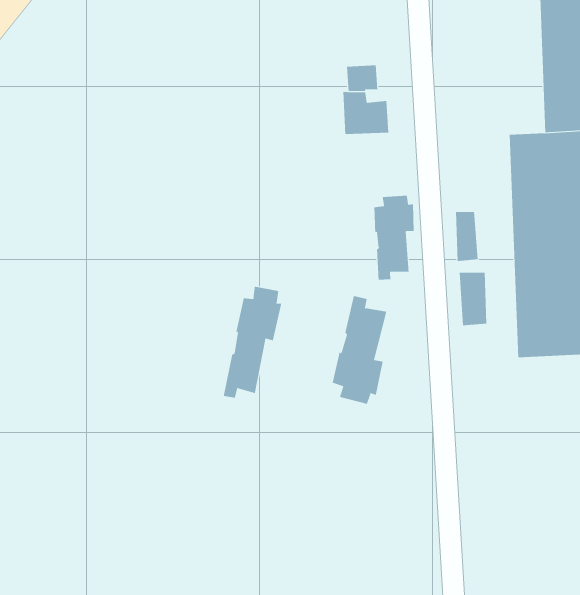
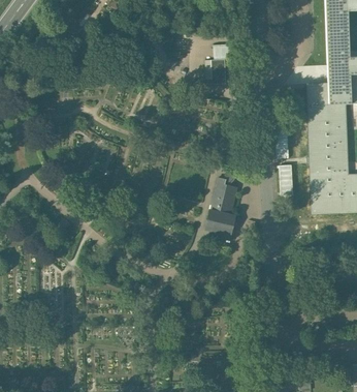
building: [374,195,414,280] -> none
building: [223,286,282,399] -> none

